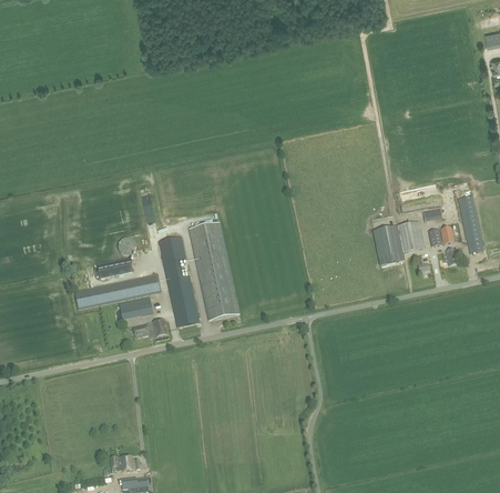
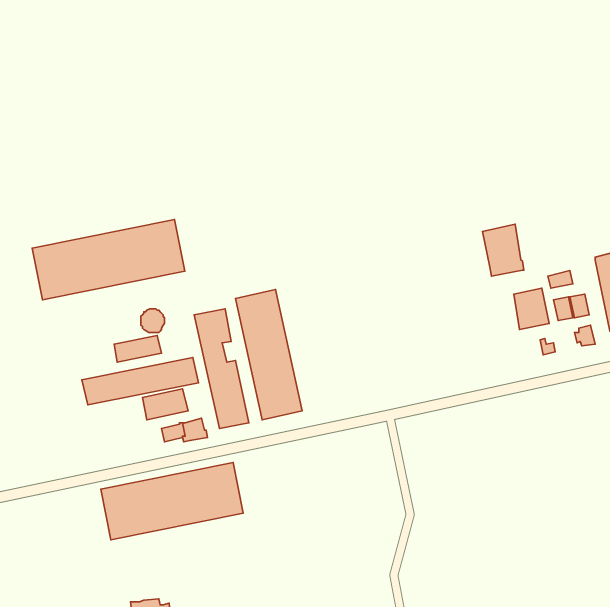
building: none -> [32,220,185,300]
building: [373,225,404,264] -> [483,224,524,276]
building: none -> [101,463,243,540]

